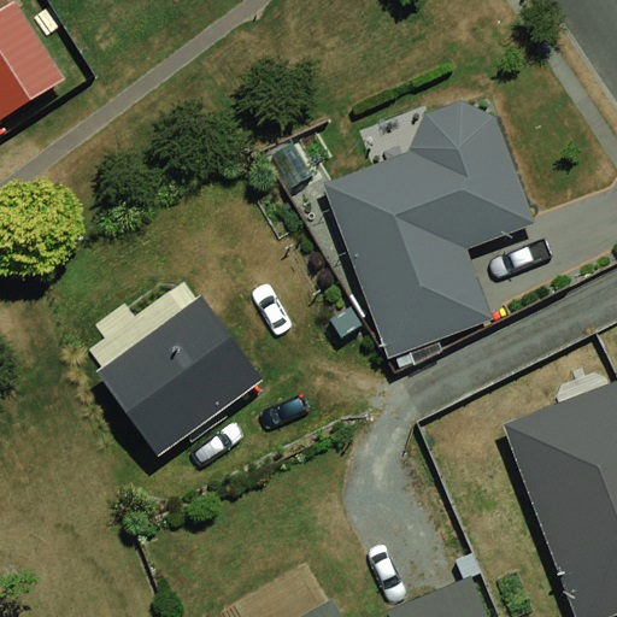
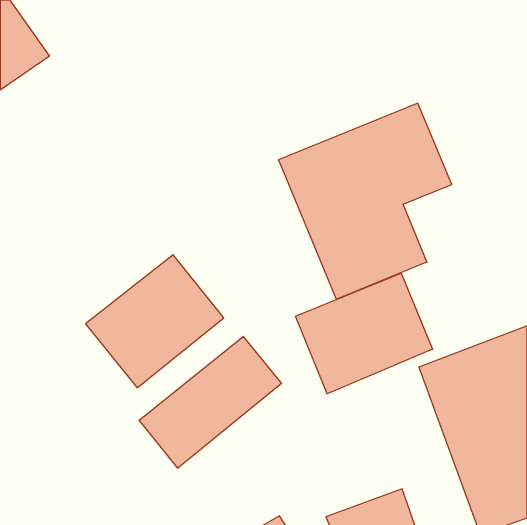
building: none -> [295,273,433,394]
building: none -> [139,336,281,468]

